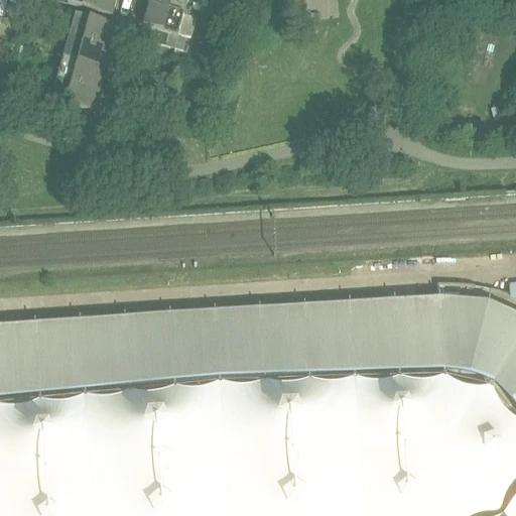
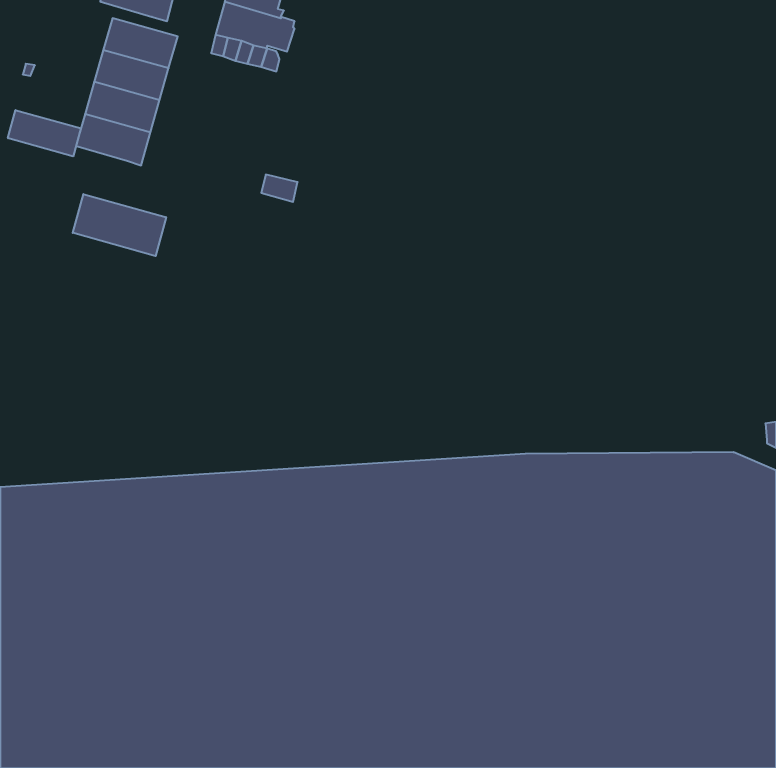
building: none -> [8,110,81,156]
building: none -> [73,194,166,256]

